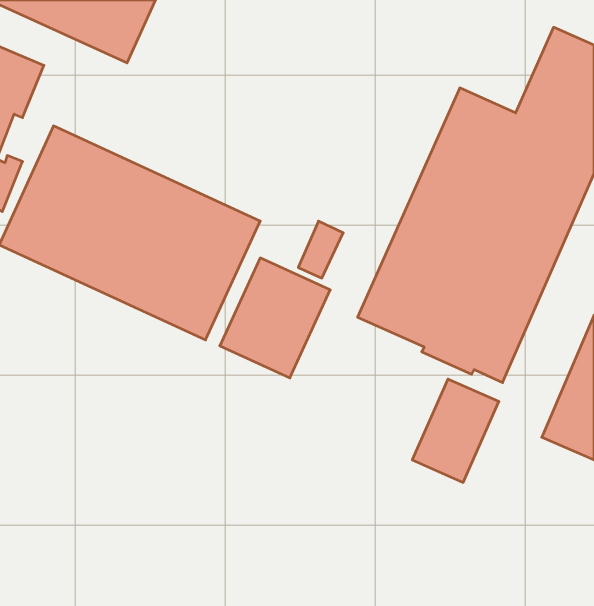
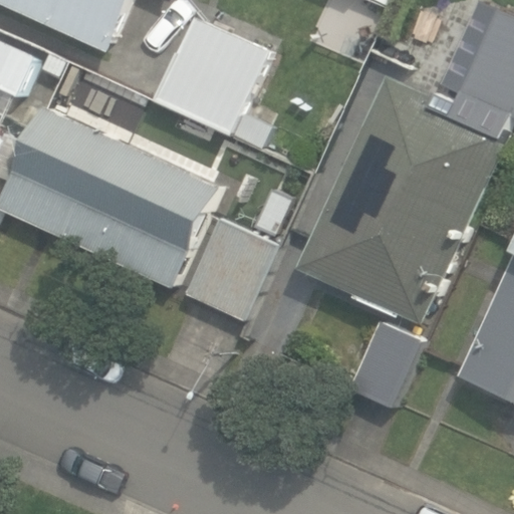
building: none -> [154,8,275,144]

